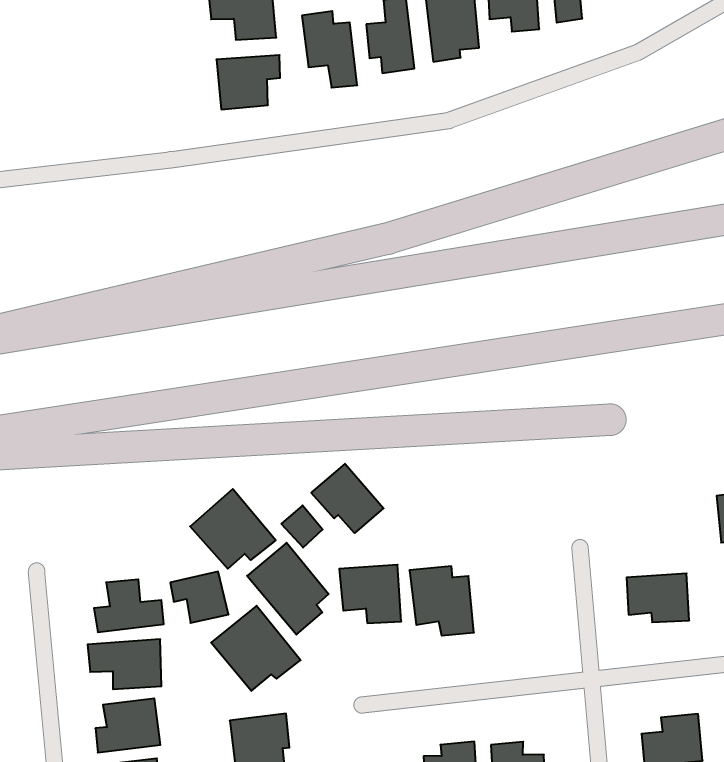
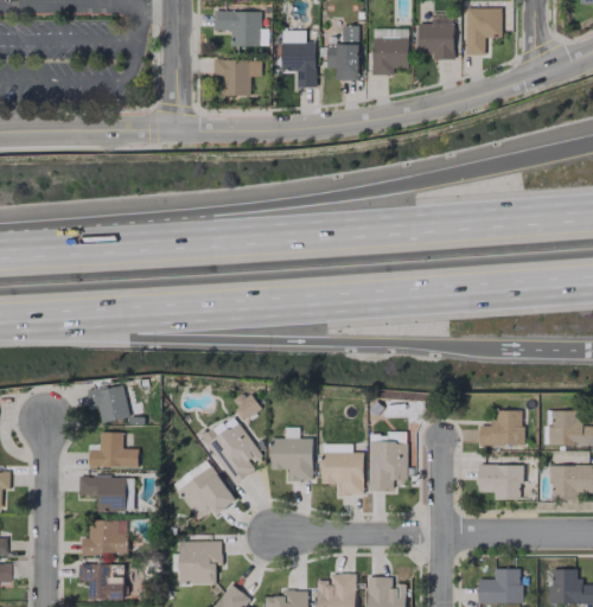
building: [311,464,384,533] -> none
building: [190,489,276,569] -> none
building: none -> [480,410,524,446]
building: none -> [369,434,408,491]
building: [170,572,229,623] -> [89,386,129,422]

